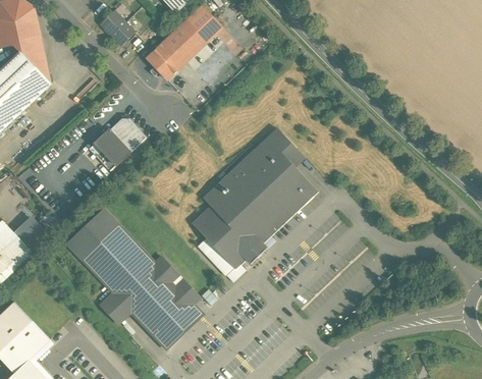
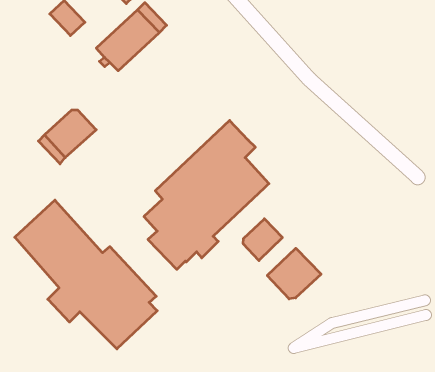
building: none -> [243,219,282,261]
building: none -> [267,248,321,299]

